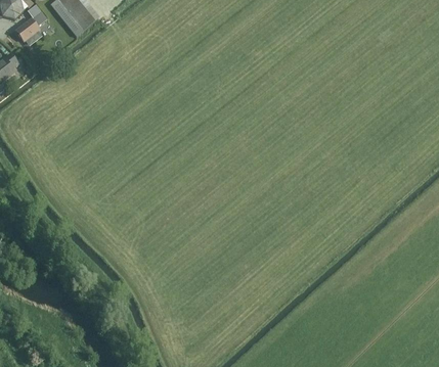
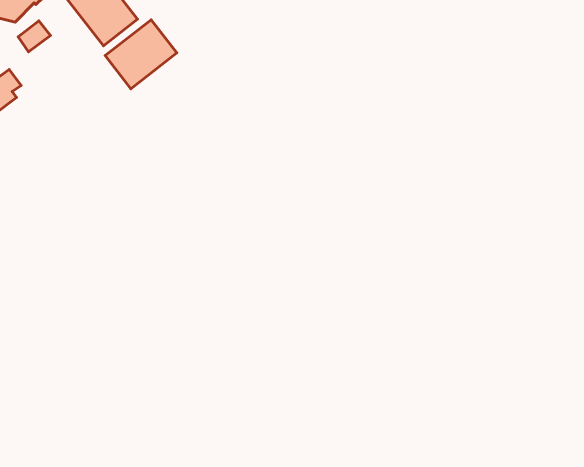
building: none -> [105,20,177,89]

